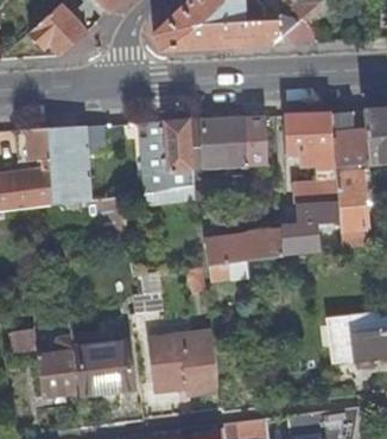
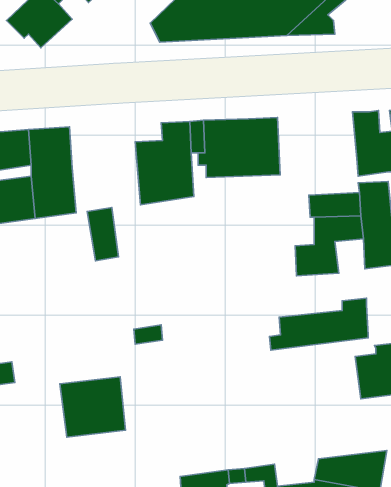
building: [283,112,334,155] -> none
building: [196,222,281,267] -> [270,298,368,350]
building: [148,332,217,393] -> none
building: [38,350,77,396] -> none

